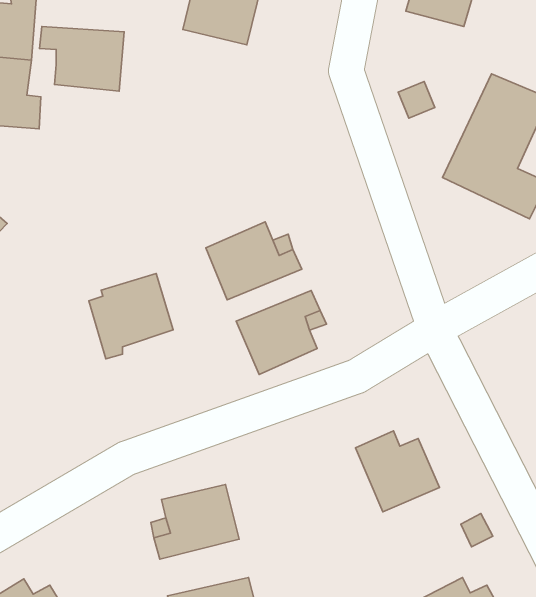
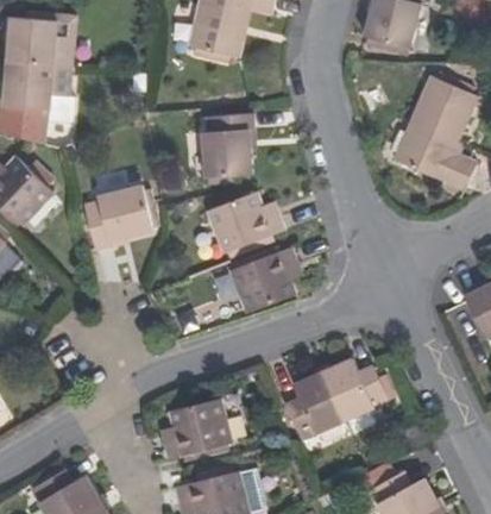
building: [39,26,124,91] -> none
building: none -> [199,113,250,177]
building: [89,273,173,359] -> [87,184,152,251]
building: none -> [287,370,345,438]

